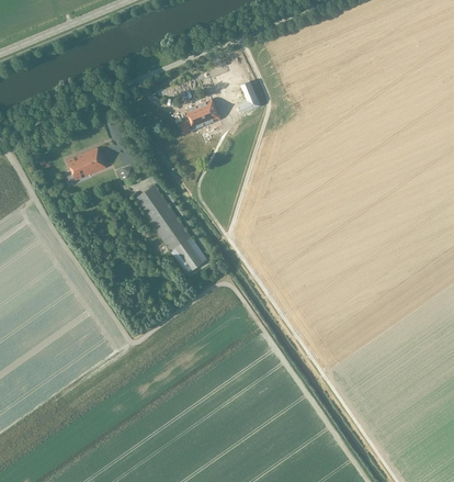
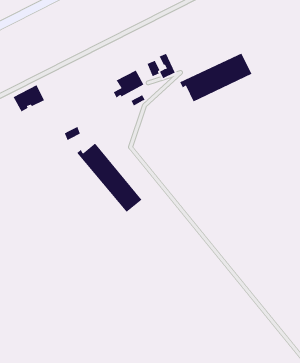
building: none -> [179,52,253,103]
building: [66,147,105,180] -> [13,84,45,112]

